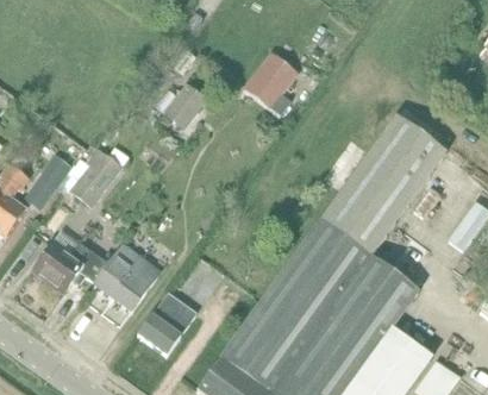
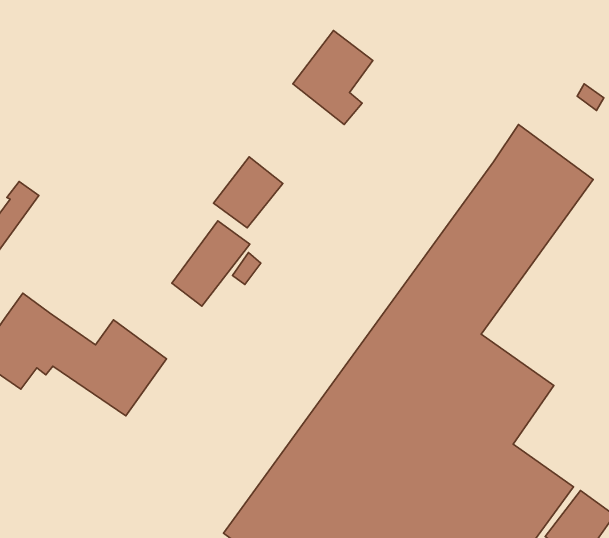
building: [162,81,208,128] -> [213,157,283,228]
building: [71,150,124,207] -> [172,221,250,306]
building: [137,290,198,356] -> none

